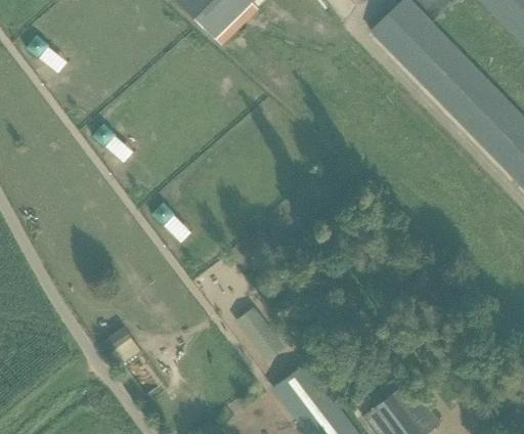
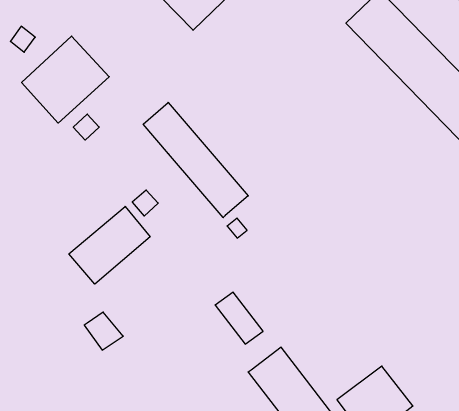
building: none -> [22,36,109,123]
building: none -> [143,102,248,218]
building: none -> [69,206,150,284]

